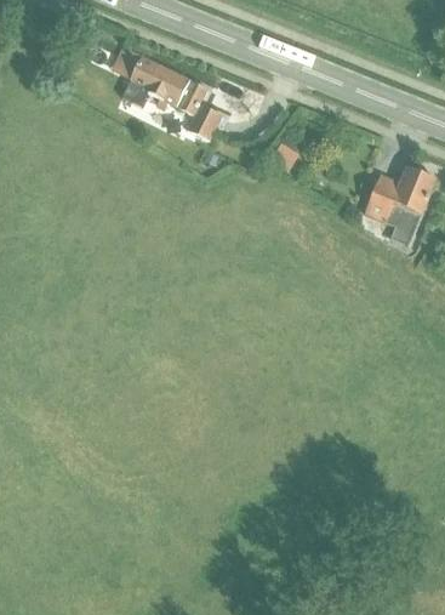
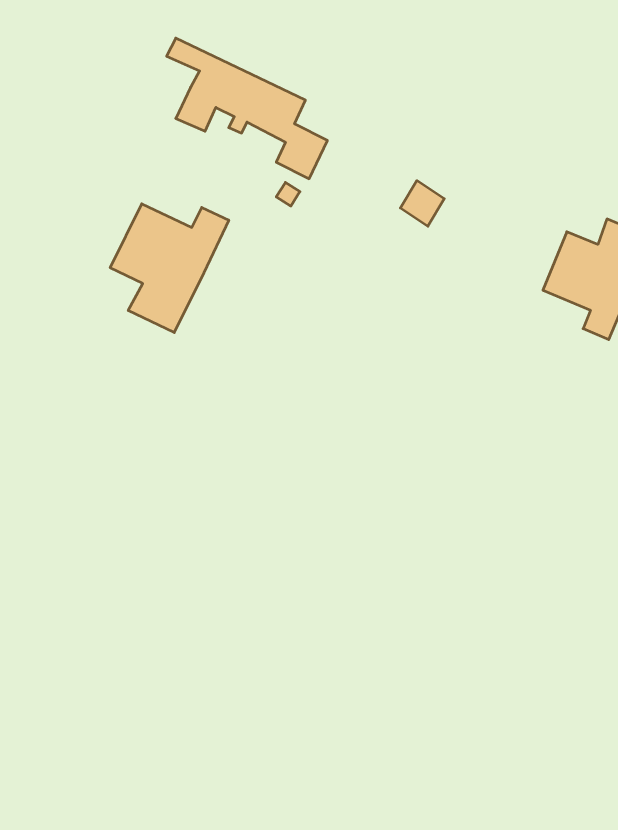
building: none -> [110,204,229,333]

